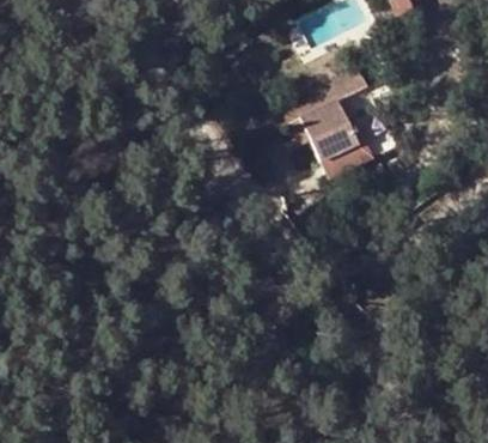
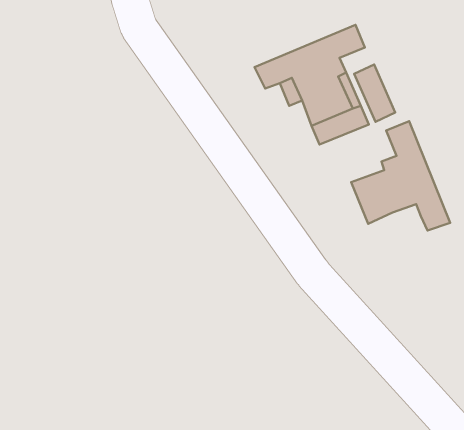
building: none -> [351,121,450,230]

